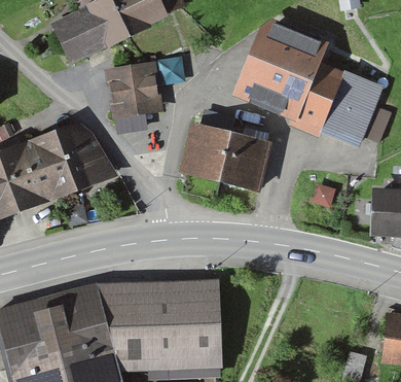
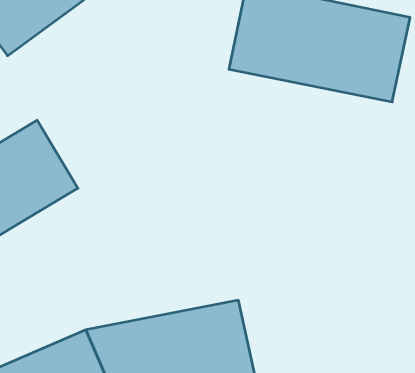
building: [108,62,167,120] -> none
building: [181,123,274,192] -> none

